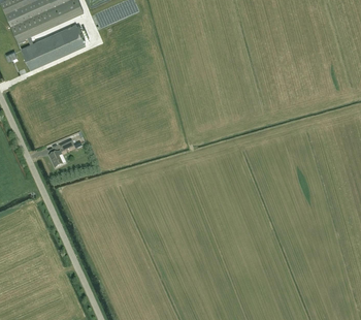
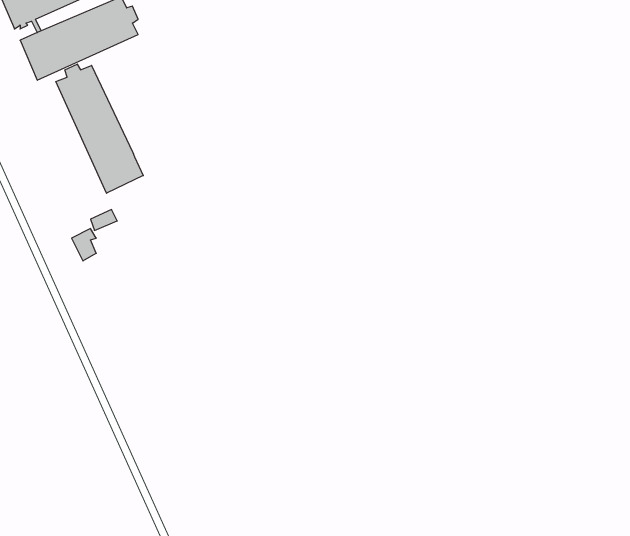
building: none -> [56,64,143,193]

